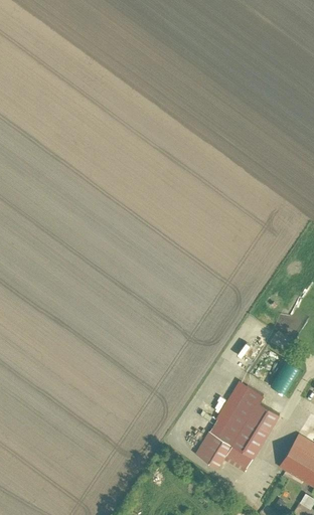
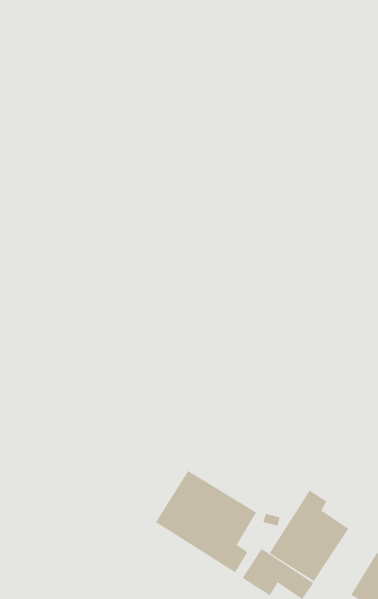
building: none -> [155,470,257,573]

